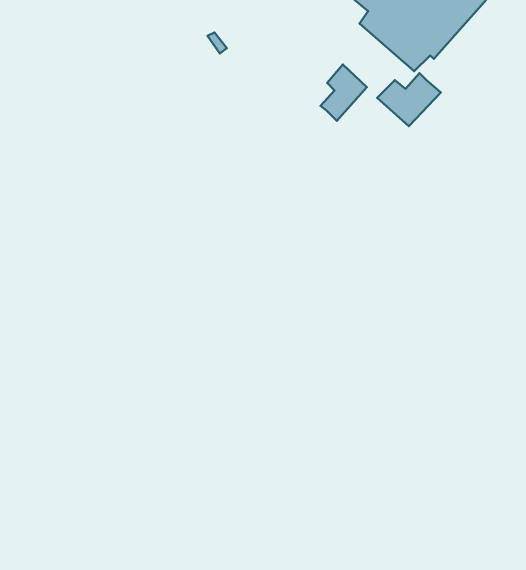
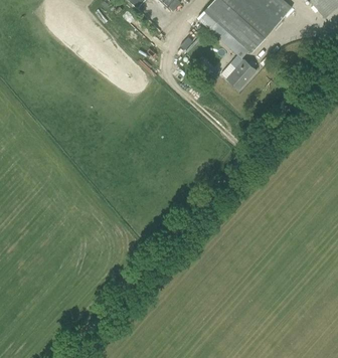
building: [321,64,367,121] -> none

